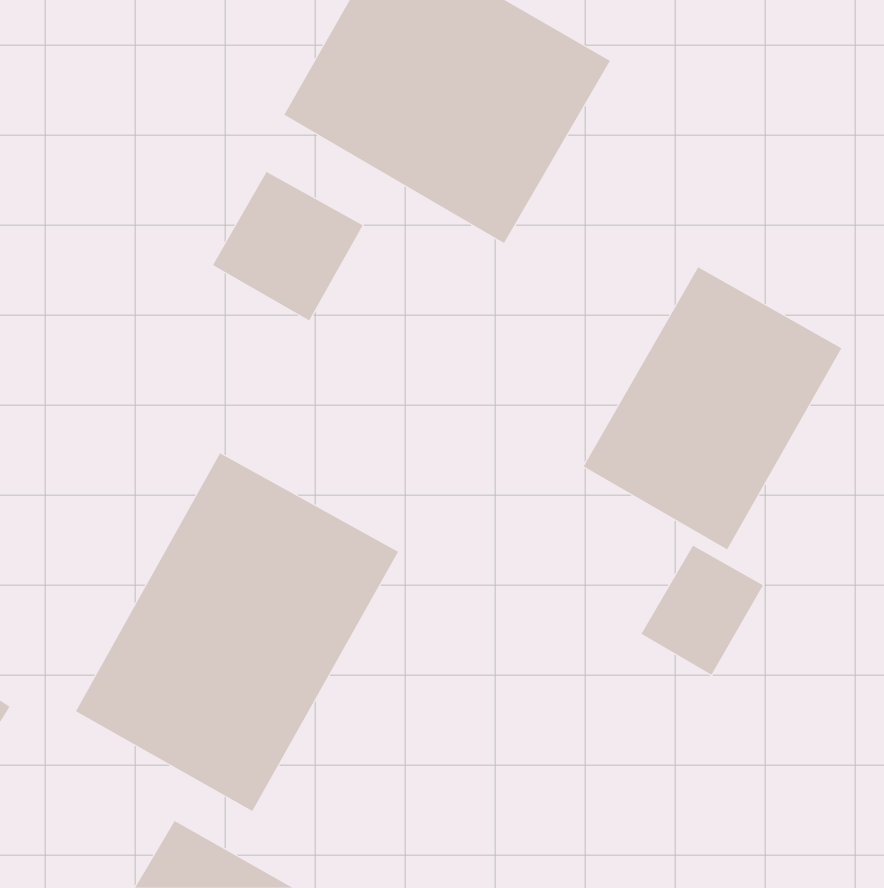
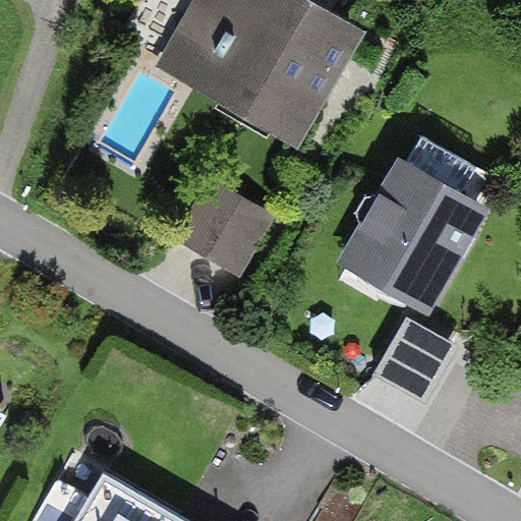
building: [212,171,363,321] -> [179,183,268,271]
building: [75,452,399,812] -> none

